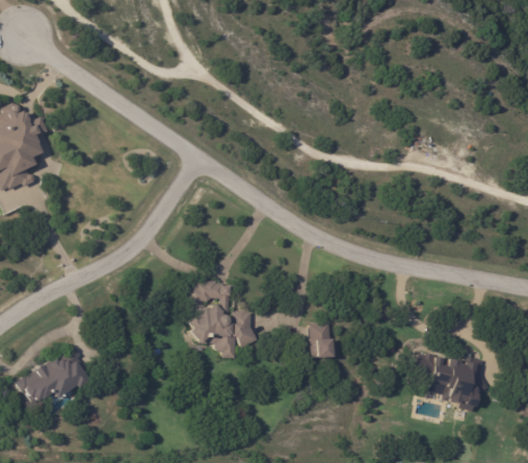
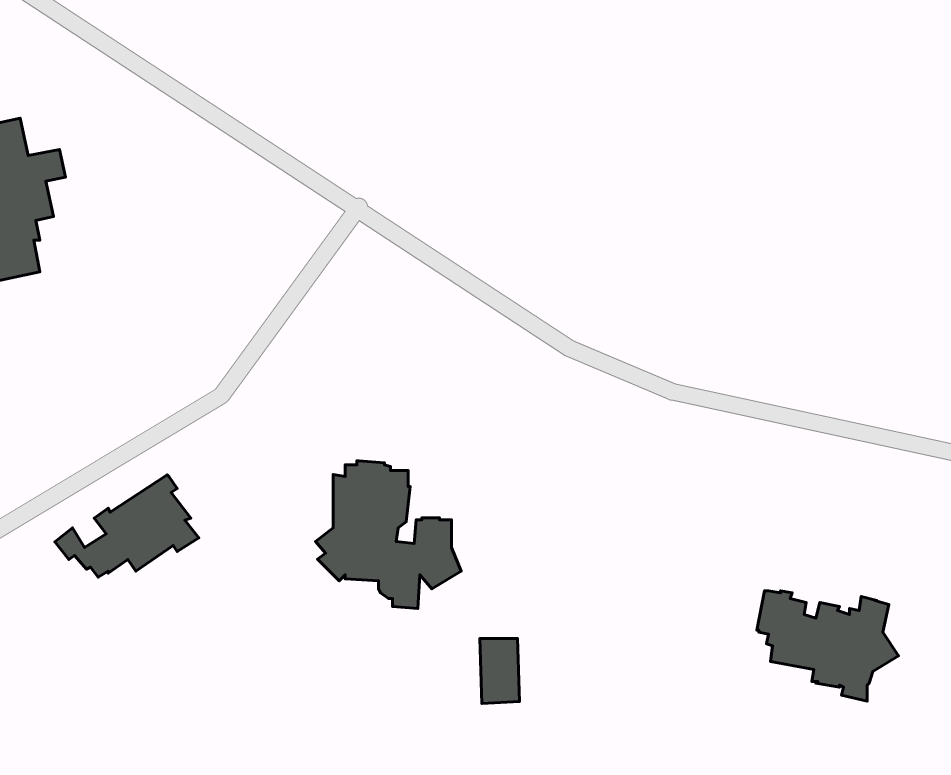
building: [309,322,329,356] -> [480,638,519,703]
building: [18,348,94,402] -> [55,475,199,577]

